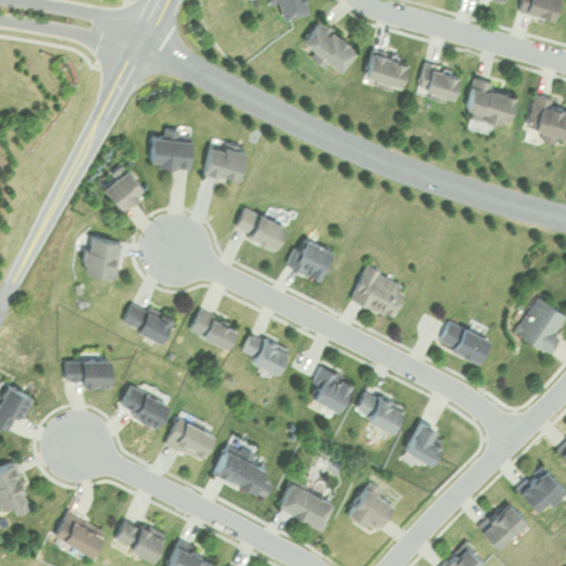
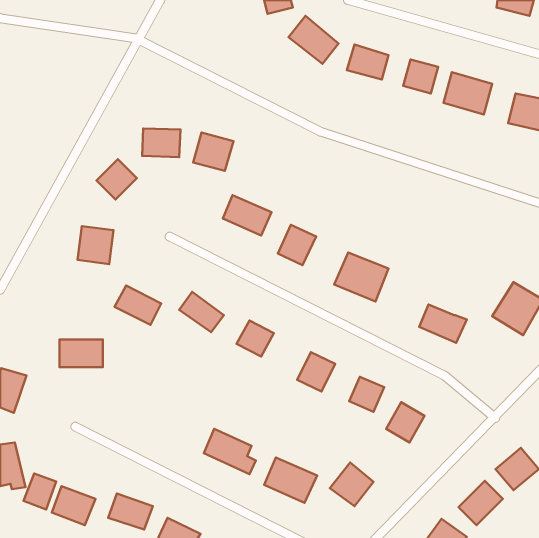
building: [125,390,161,426] -> none
building: [166,418,214,461] -> none
building: none -> [24,474,56,509]

